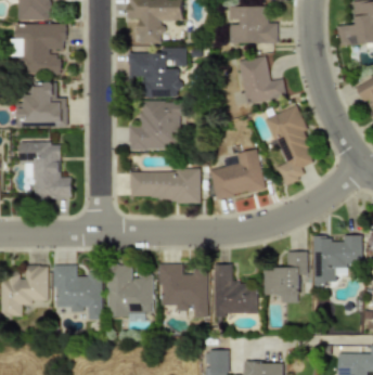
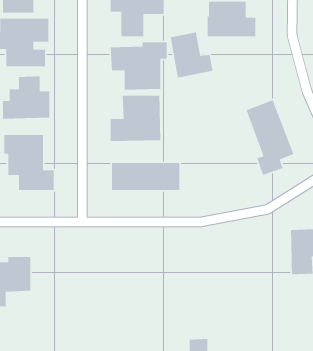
building: [237,56,282,104] -> [170,32,214,79]
building: [208,148,265,201] -> none
building: [262,250,307,302] -> none
building: [53,264,102,320] -> none
building: [158,264,207,318] -> none
building: [213,264,257,314] -> none
building: [107,266,153,318] -> none

